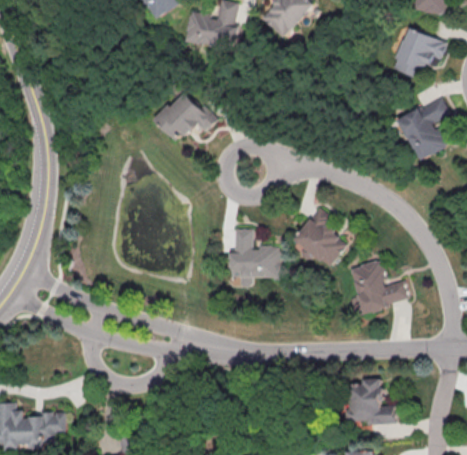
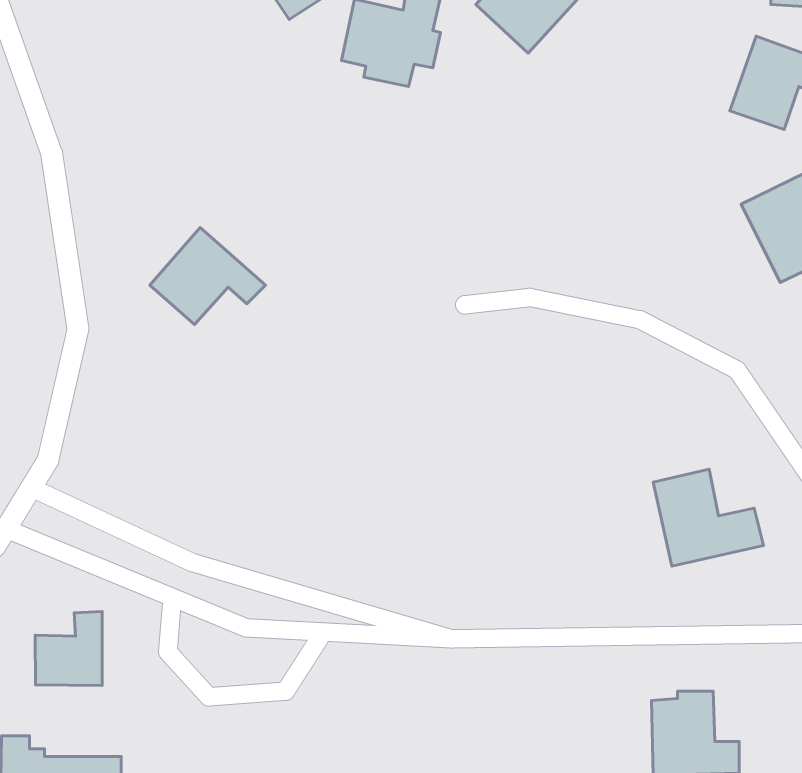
building: [153,90,215,142] -> [150,227,266,324]
building: [294,209,351,266] -> none
building: [230,229,280,287] -> none
building: none -> [35,612,102,686]

